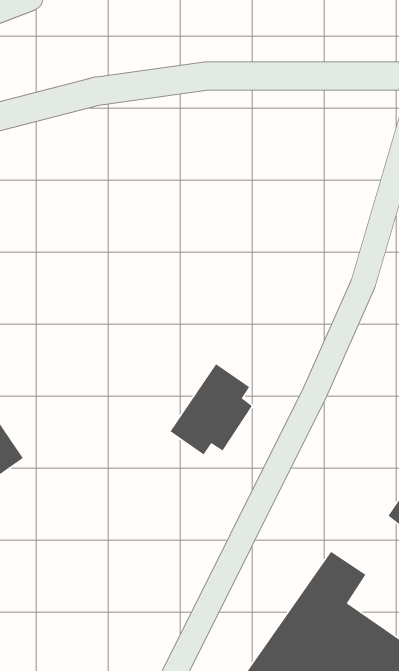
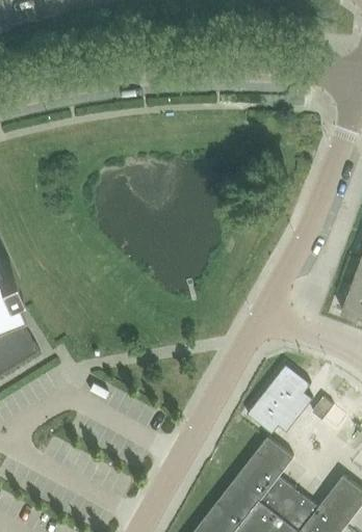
building: [170,363,253,455] -> [247,365,311,434]

